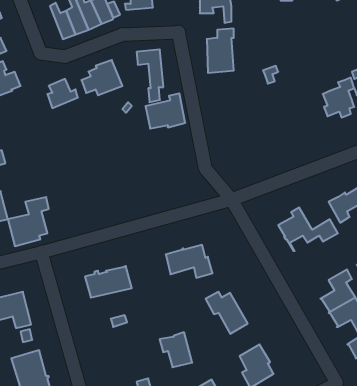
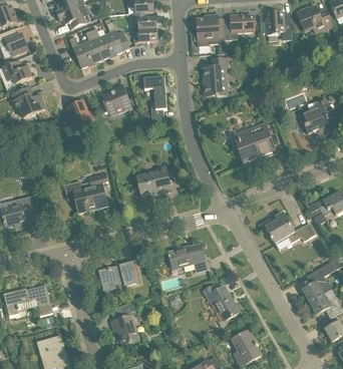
building: [145,93,185,129] -> [136,164,170,195]
building: none -> [232,123,275,161]
building: [8,197,49,246] -> [72,170,107,213]
building: [160,332,192,367] -> [110,314,138,344]

